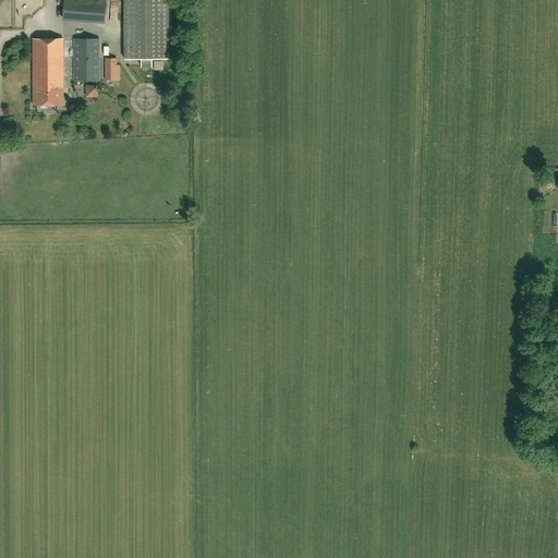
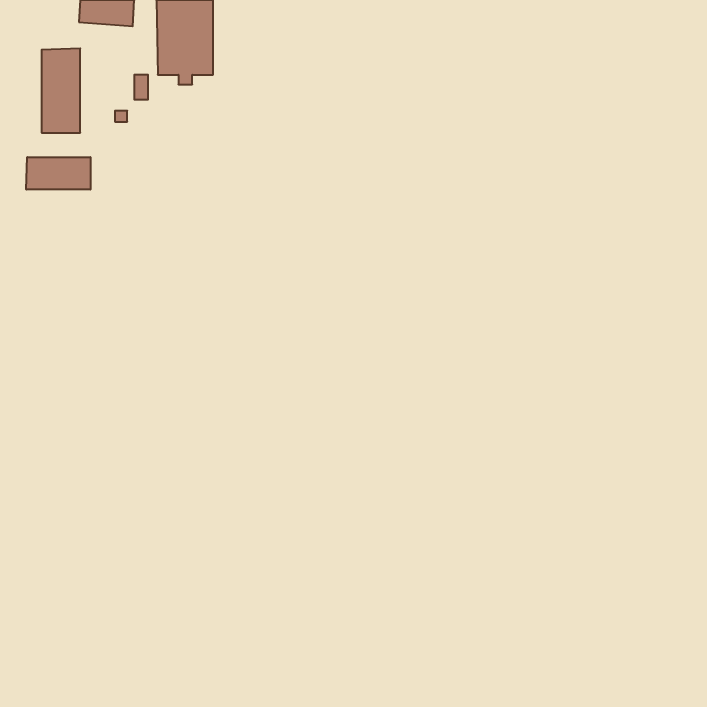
building: [74,38,99,80] -> none
building: none -> [26,157,90,190]

